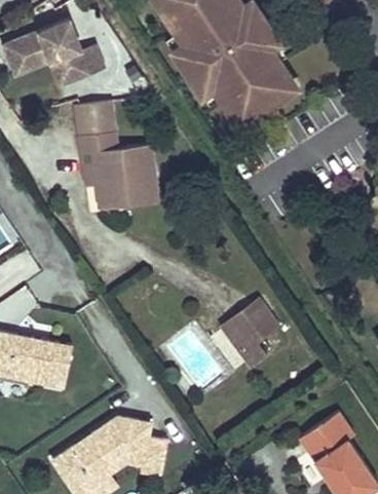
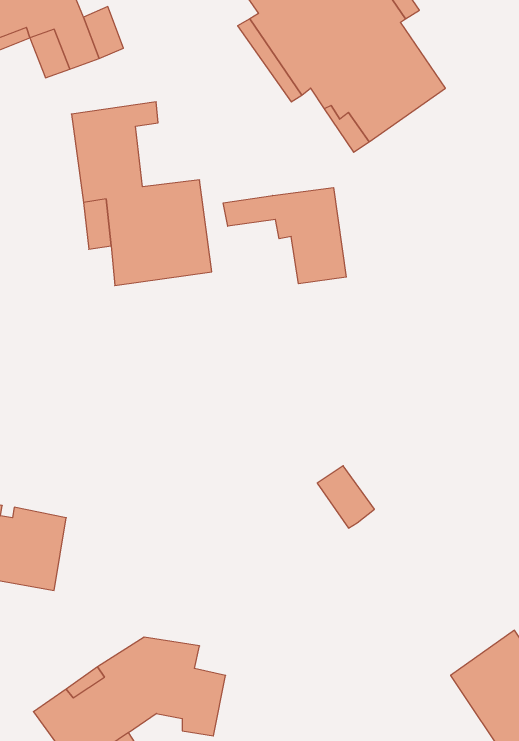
building: none -> [223,188,346,284]
building: [236,301,278,363] -> none

